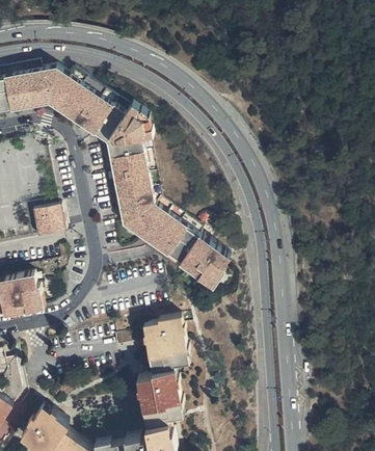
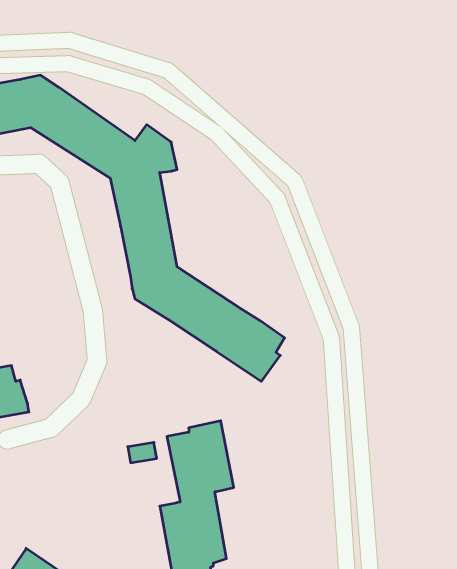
building: [30,207,61,238] -> none

